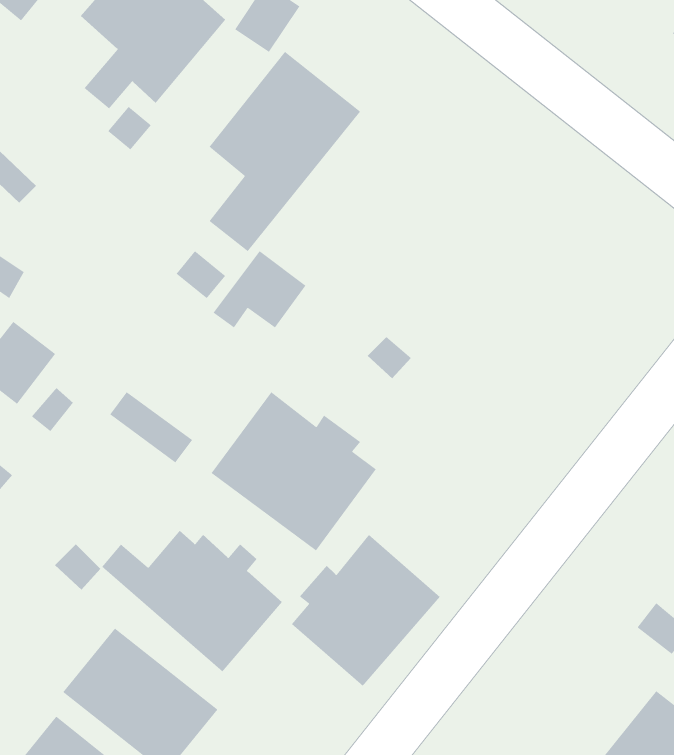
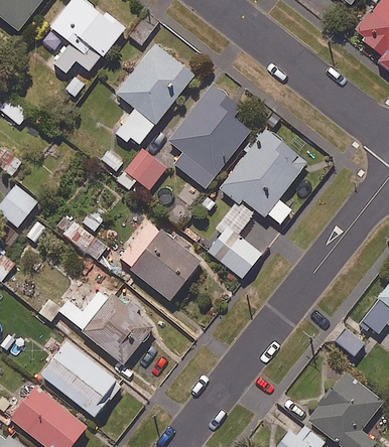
building: none -> [167,84,249,187]
building: none -> [207,129,307,278]
building: [291,534,441,687] -> none

